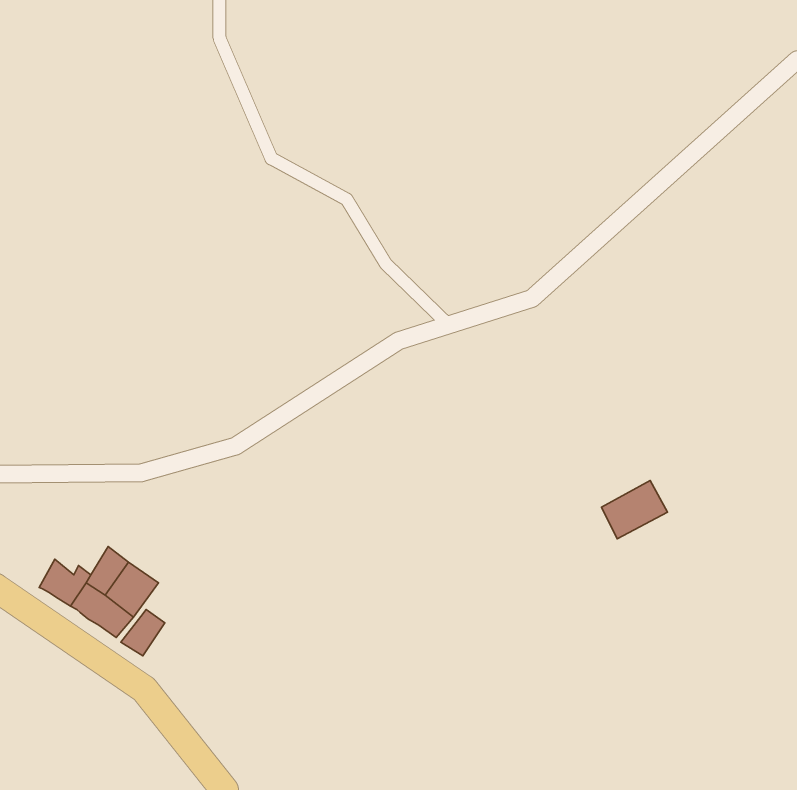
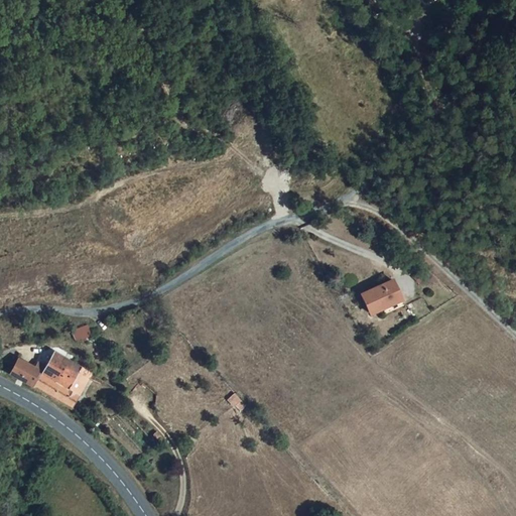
building: [602,481,667,539] -> [359,276,401,313]
building: [121,609,165,656] -> none

